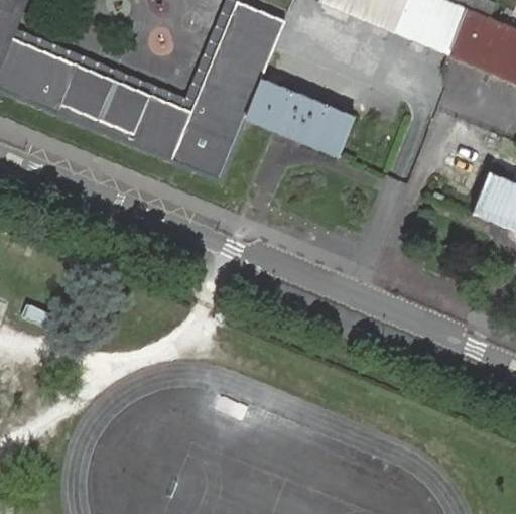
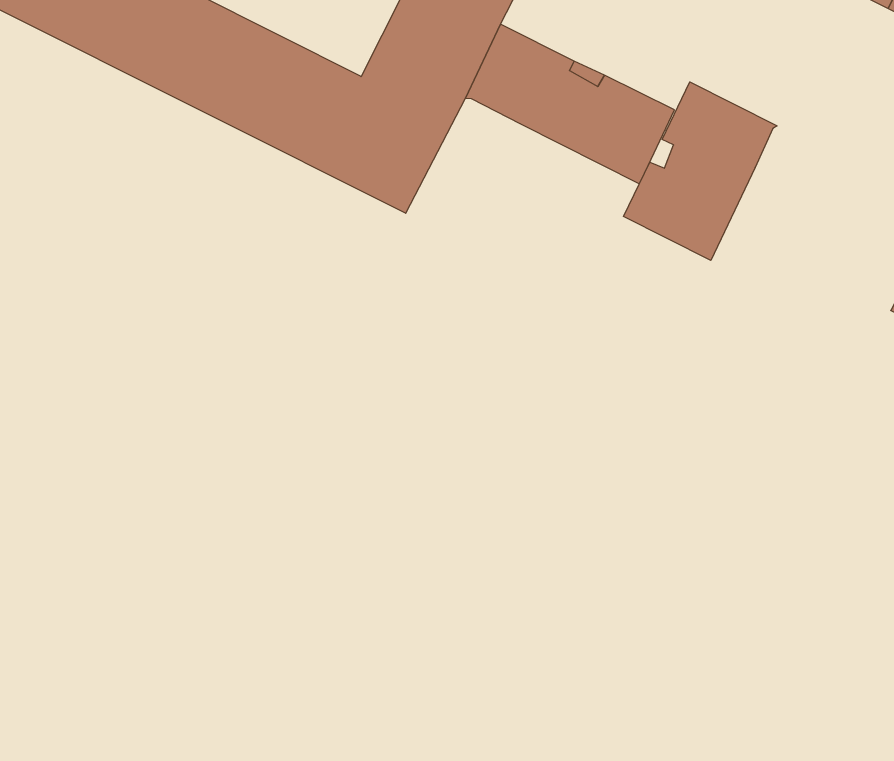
building: none -> [624,82,777,260]

